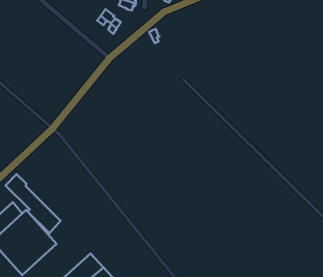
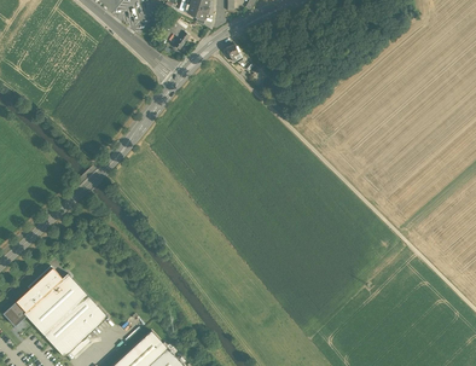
building: [6,174,61,233] -> none

